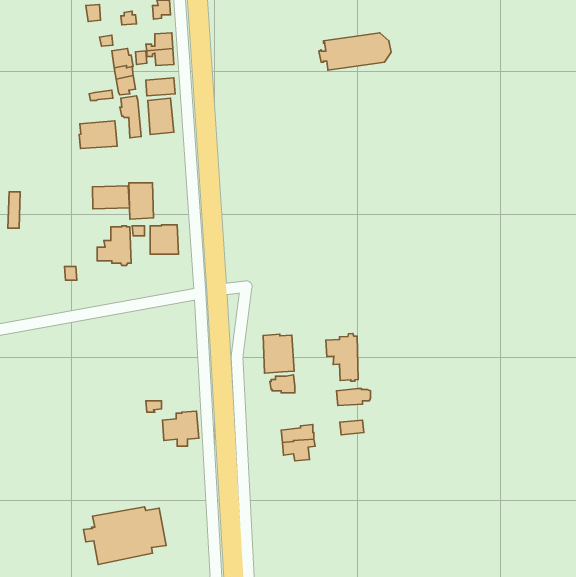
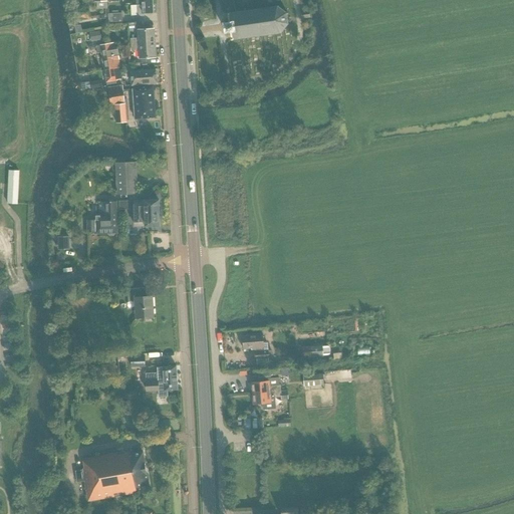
building: [319,33,391,70] -> [223,6,287,39]
building: [79,121,117,149] -> none
building: [92,186,130,209] -> none
building: none -> [126,287,153,319]
building: [326,334,358,381] -> none
building: [263,334,294,373] -> none

